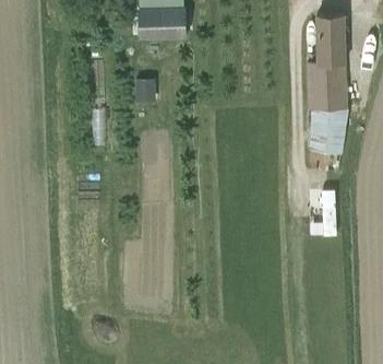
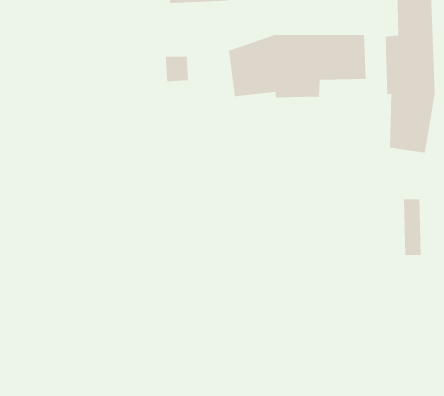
building: none -> [228,34,366,98]

